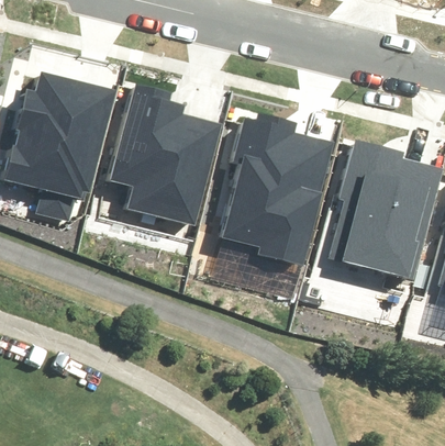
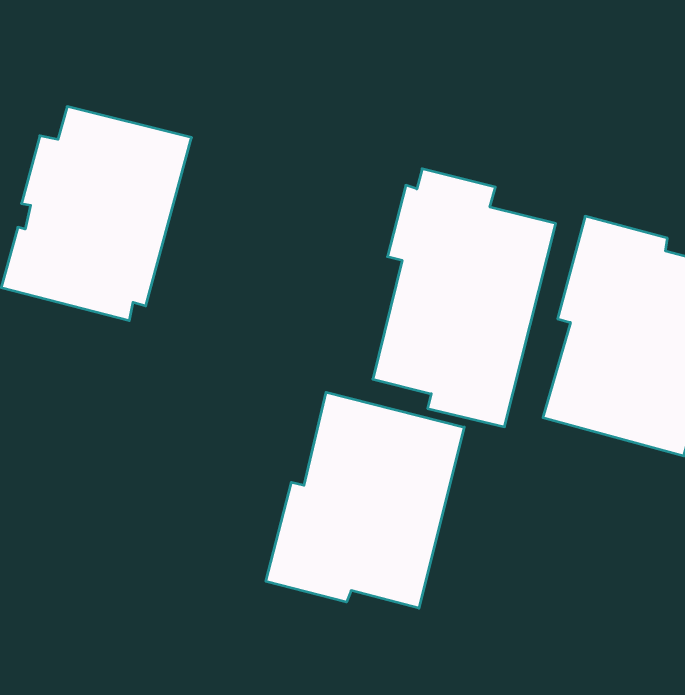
building: [108,85,224,228] -> none
building: none -> [266,392,464,608]

